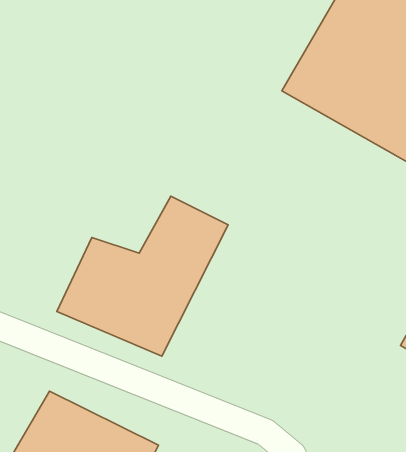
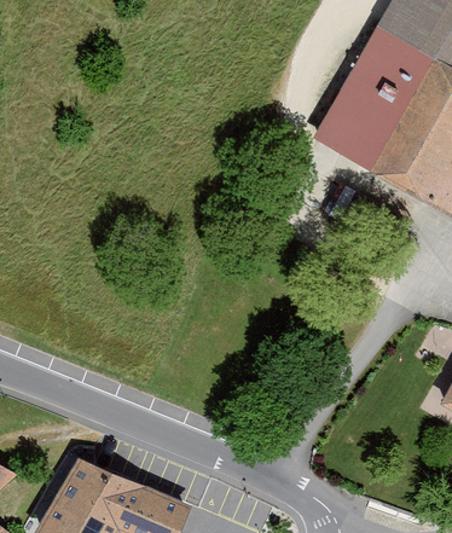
building: [57,196,228,356] -> none

